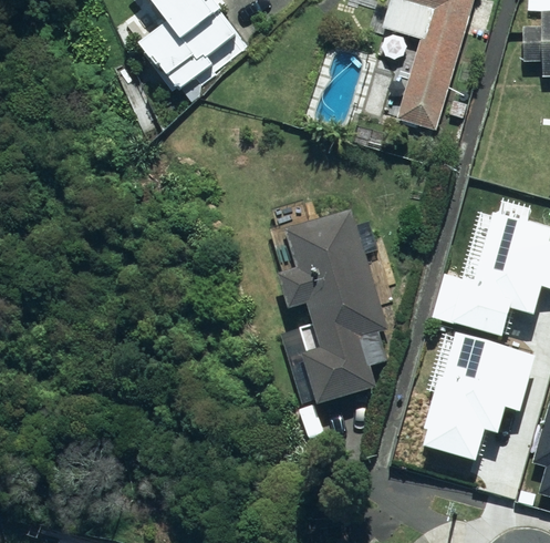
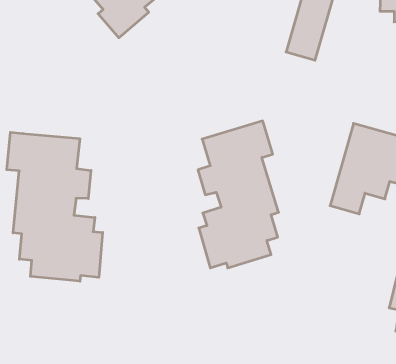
building: none -> [7,132,103,281]
building: [422,332,530,455] -> none

